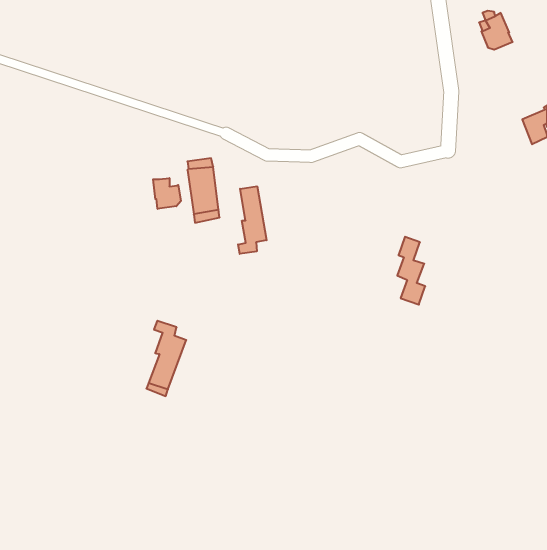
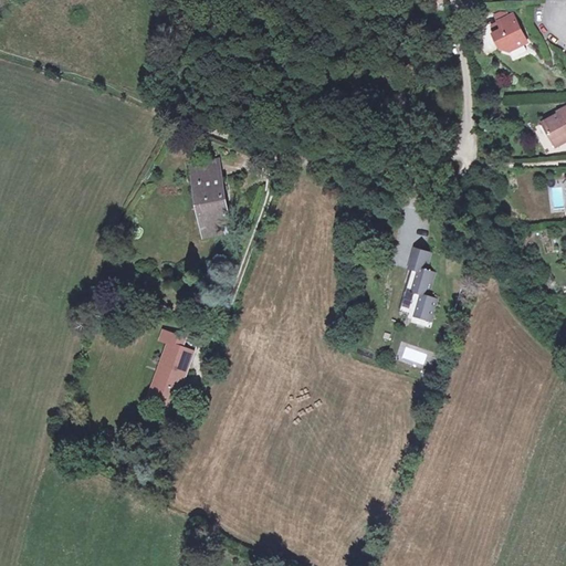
building: [153,178,181,209] -> none
building: [238,186,267,254] -> none

